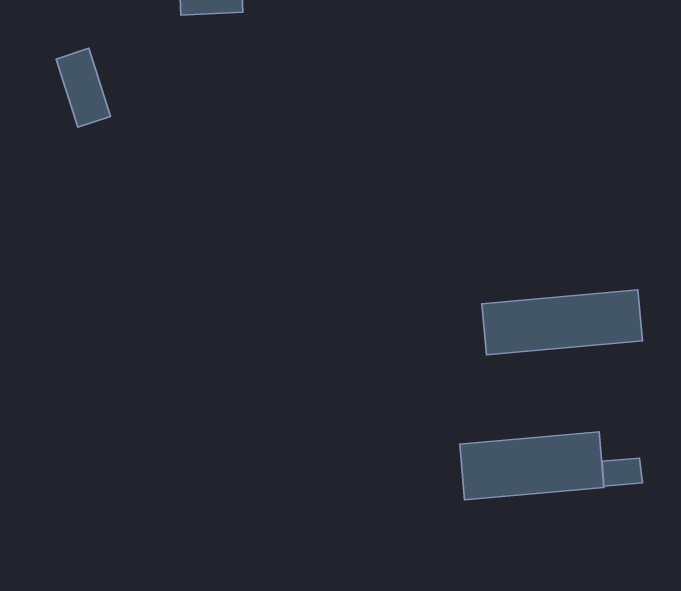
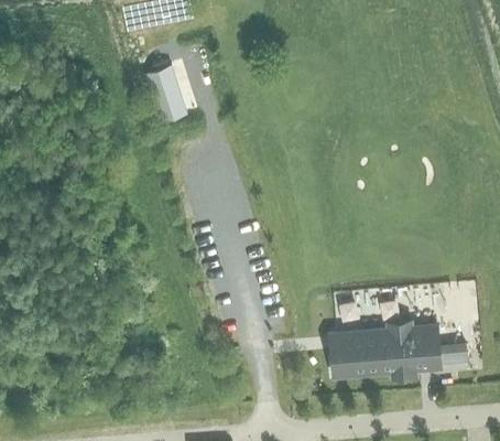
building: [56,48,110,127] -> [146,65,185,121]
building: [482,290,643,355] -> none

